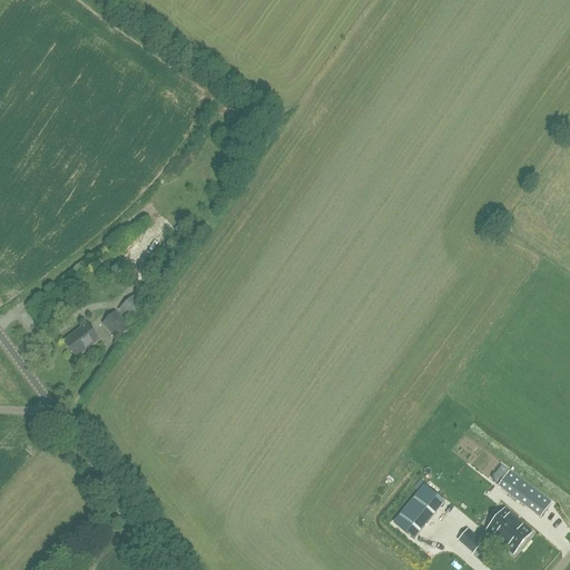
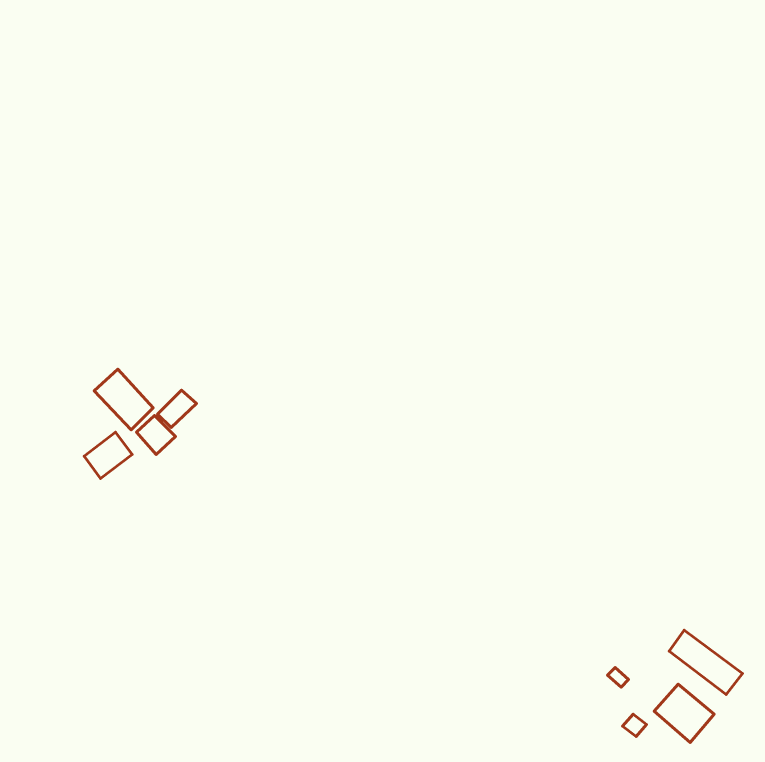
building: none -> [94,369,153,430]
building: [393,483,443,537] -> none

